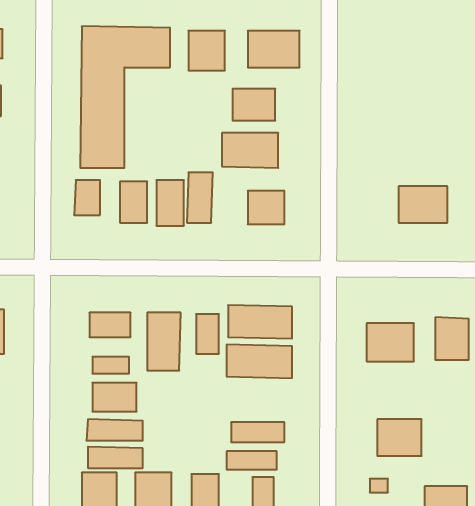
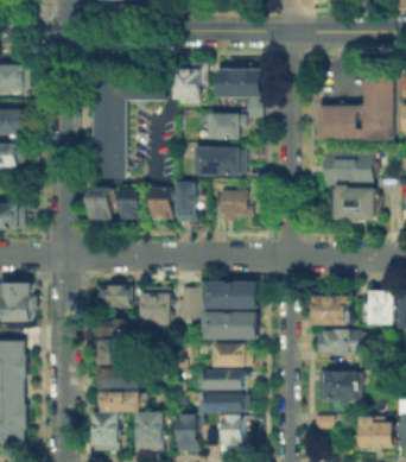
building: none -> [317,74,392,141]
building: none -> [325,157,373,184]
building: none -> [318,328,362,354]
building: none -> [214,346,249,367]

